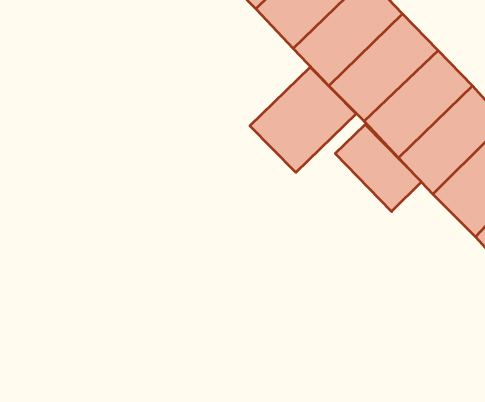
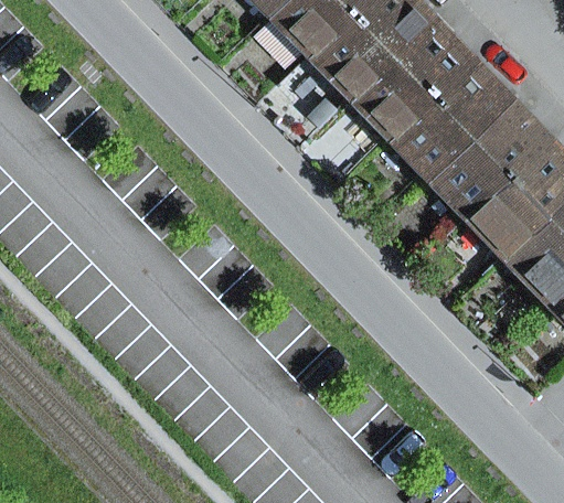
building: [250,67,356,172] -> none
building: [335,125,421,212] -> none

